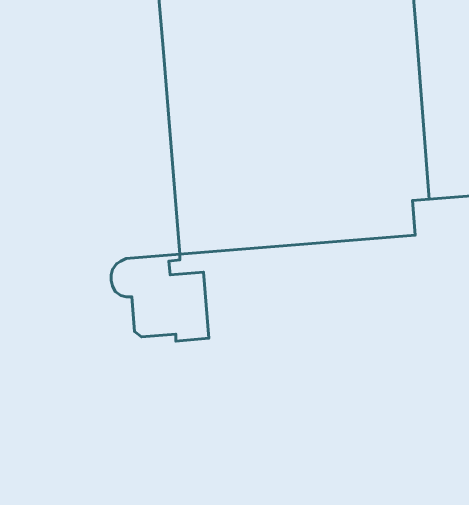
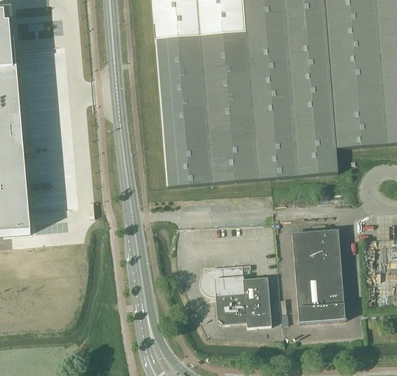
building: [111,254,209,341] -> [200,263,271,326]
building: none -> [292,228,345,322]

